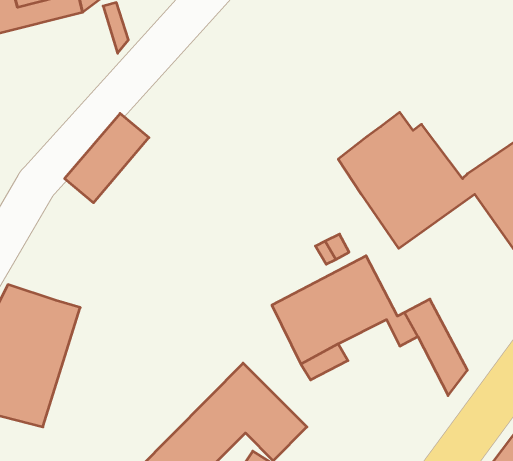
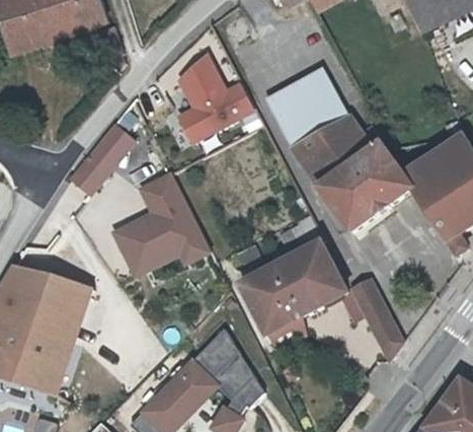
building: none -> [173,55,256,145]
building: none -> [266,68,347,158]
building: none -> [111,168,210,279]
building: none -> [48,283,104,394]

